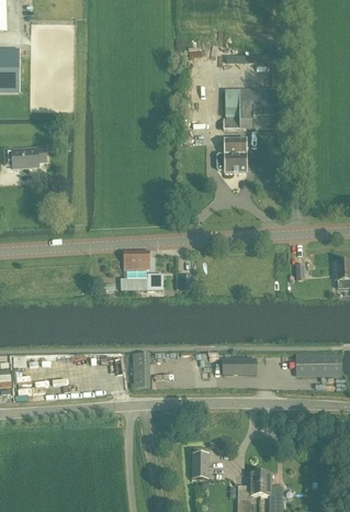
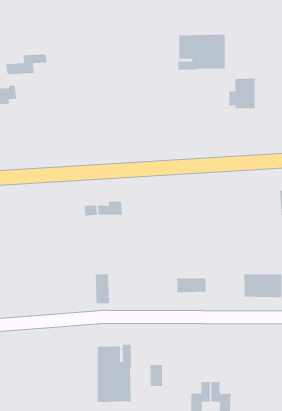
building: none -> [6,53,47,75]
building: [217,138,247,172] -> [229,78,256,109]
building: [124,249,149,269] -> none
building: none -> [97,344,131,403]

